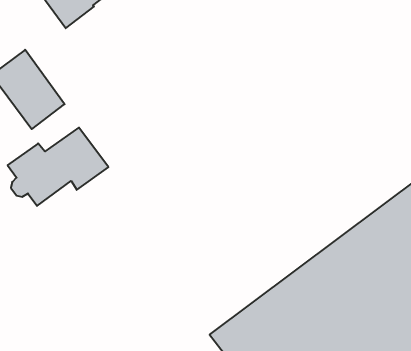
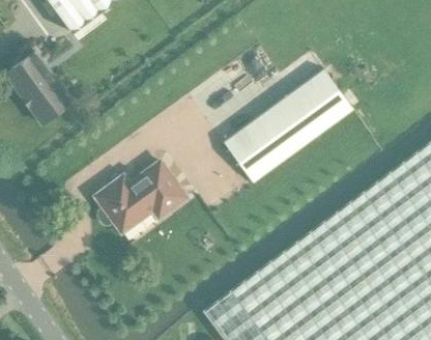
building: none -> [223,68,352,181]
building: [8,128,108,206] -> [94,161,186,232]

